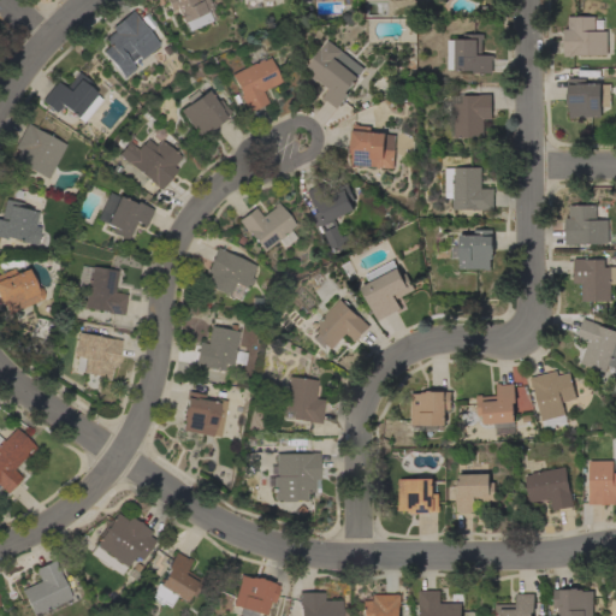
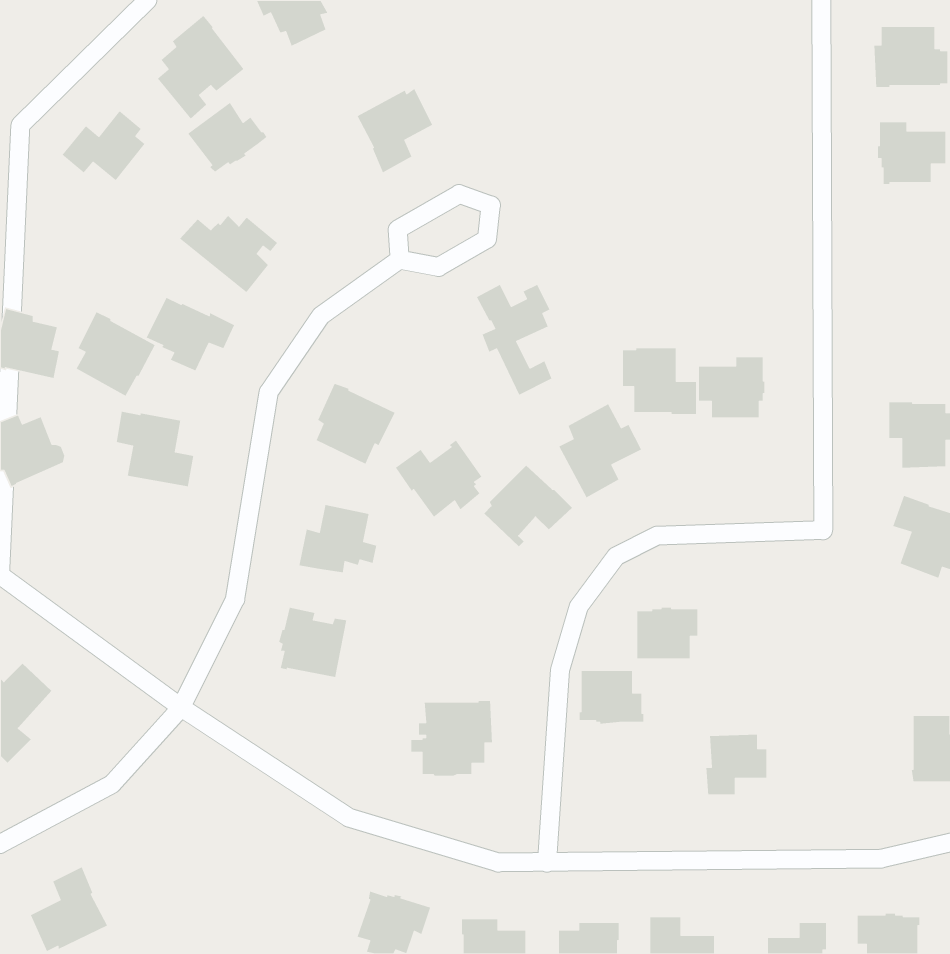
building: [449,35,496,73] -> none
building: [309,41,366,108] -> none
building: [180,89,232,135] -> [187,102,267,173]
building: [456,94,493,138] -> none
building: [14,123,66,178] -> [76,311,156,397]
building: [351,124,397,168] -> none
building: [448,167,496,211] -> [622,348,697,415]
building: [239,201,296,251] -> [395,439,482,518]
building: [567,206,610,245] -> none
building: [75,332,123,378] -> none
building: [532,371,579,430] -> none
building: [280,375,325,422] -> none
building: [478,383,517,436] -> none
building: [527,467,575,510] -> none
building: [399,479,442,514] -> [579,670,644,724]
building: [89,511,156,574] -> none
building: [152,551,205,605] -> none

